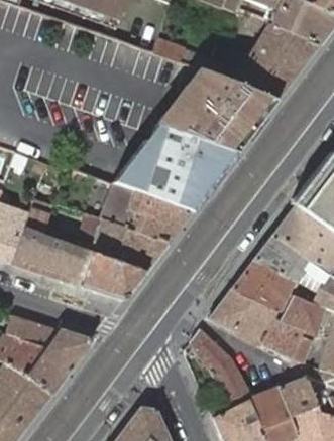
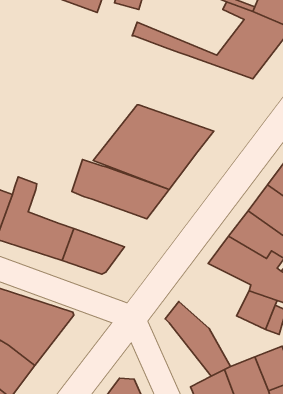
building: [156,70,276,152] -> none
building: [76,214,166,272] -> none
building: [207,289,274,343] -> none

